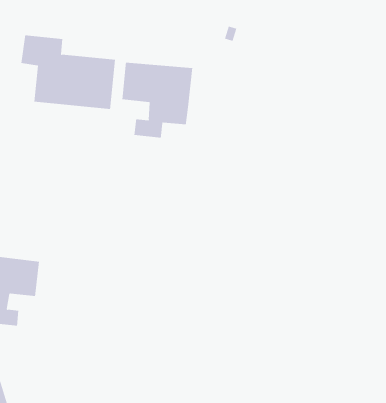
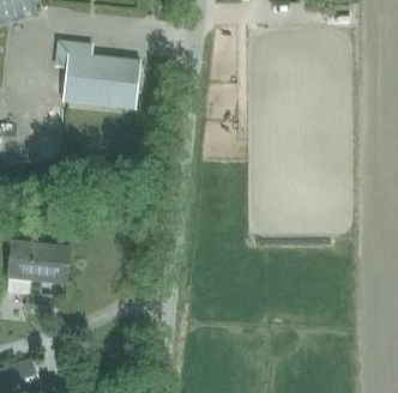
building: [122,62,193,138] -> none

